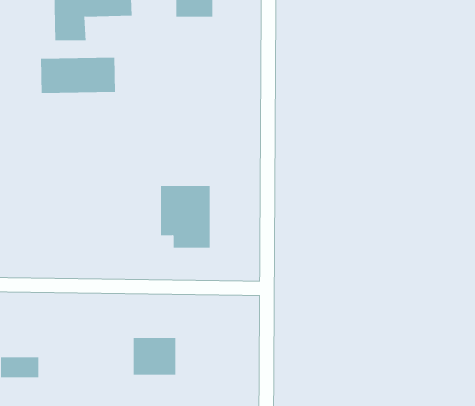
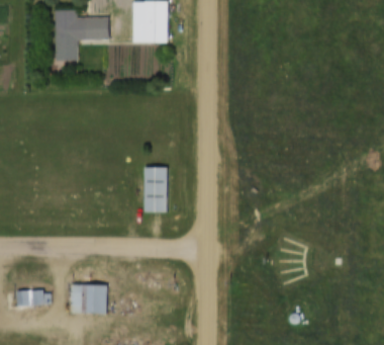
building: [41,57,115,94] -> none
building: [133,338,176,375] -> [69,285,100,313]

